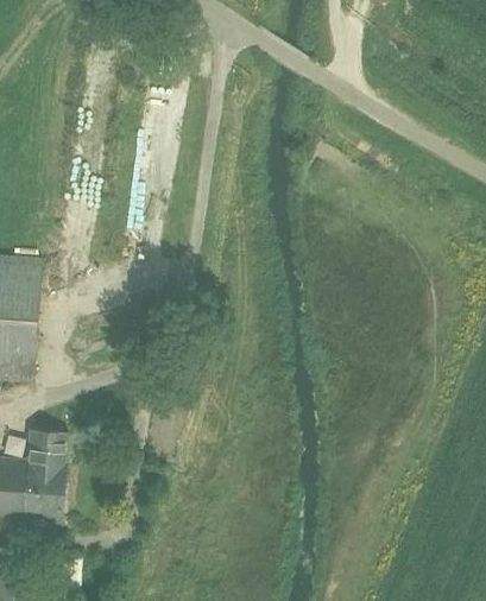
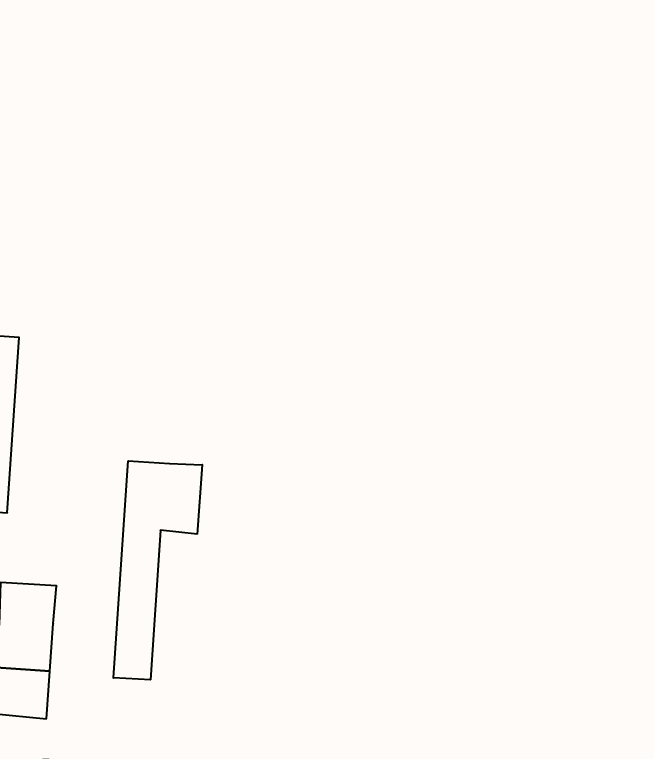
building: none -> [113,461,202,680]

